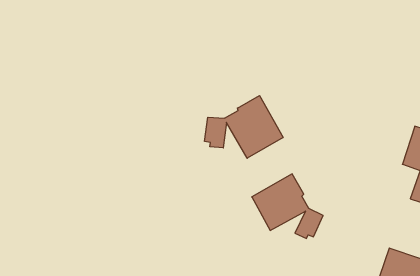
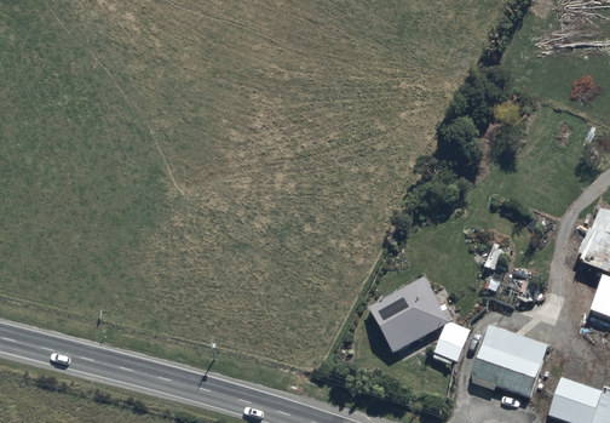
building: [205,96,283,158] -> none
building: none -> [473,324,547,396]

